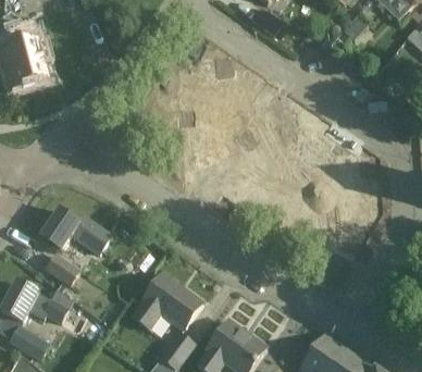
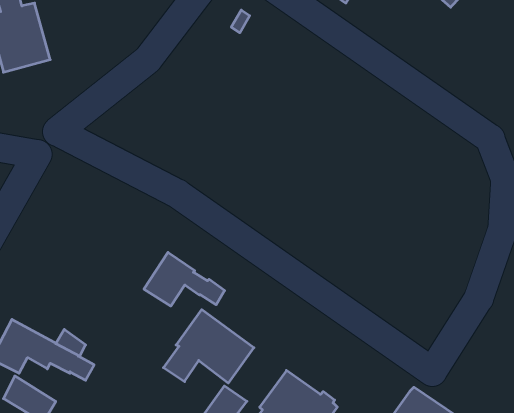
building: [40,209,102,250] -> [144,252,225,306]
building: [45,252,82,287] -> none

